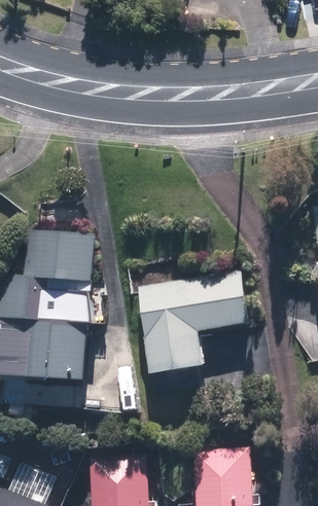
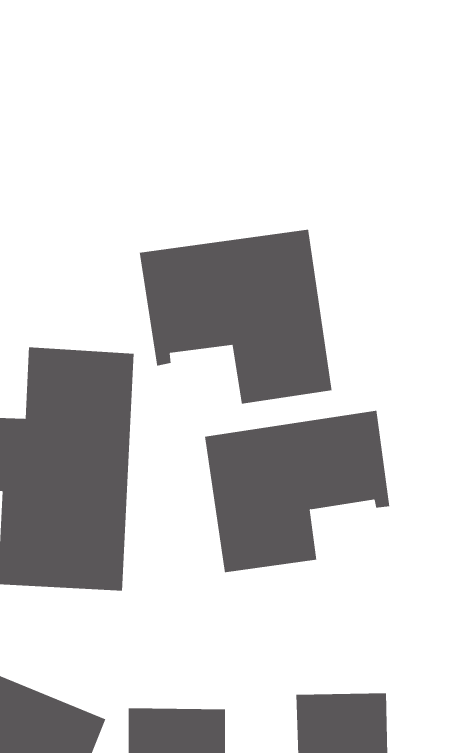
building: none -> [139,229,332,404]

